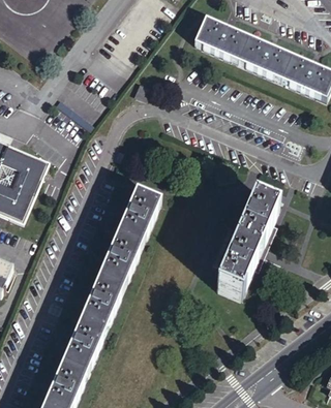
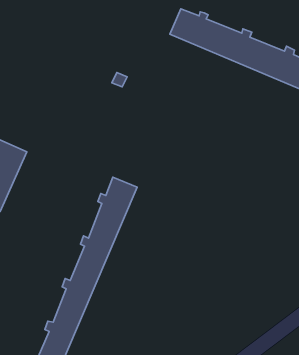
building: [217,187,279,296] -> none

